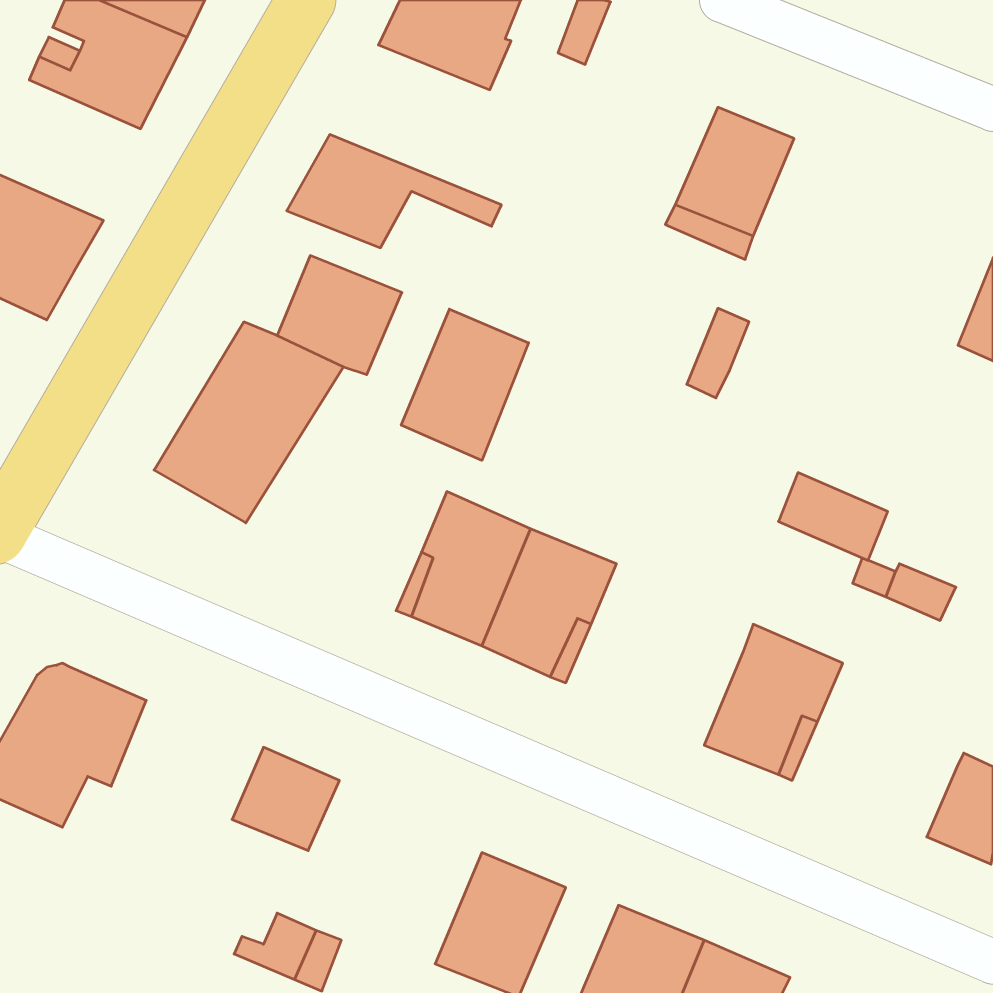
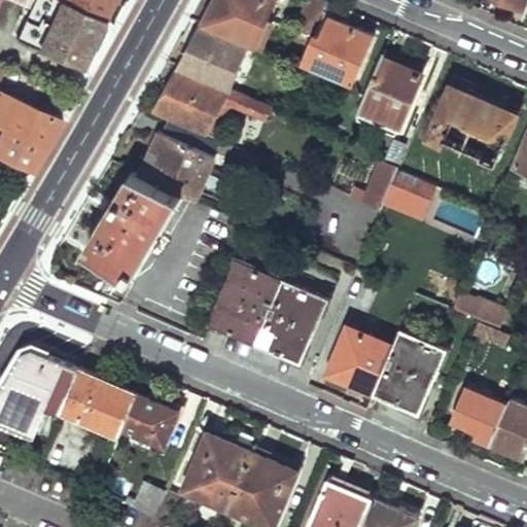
building: none -> [302,16,370,84]
building: none -> [177,31,244,91]
building: none -> [426,86,516,168]
building: [401,309,529,460] -> none
building: [778,473,888,560] -> [385,172,443,218]
building: none -> [328,326,392,395]
building: none -> [61,370,139,435]
building: none -> [451,388,505,444]
building: none -> [184,433,254,511]

